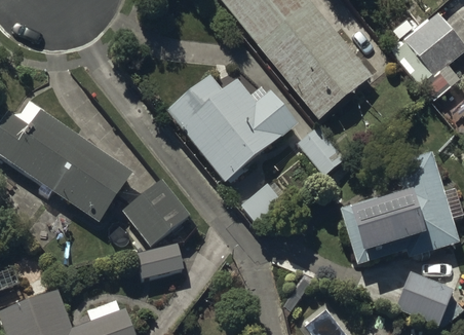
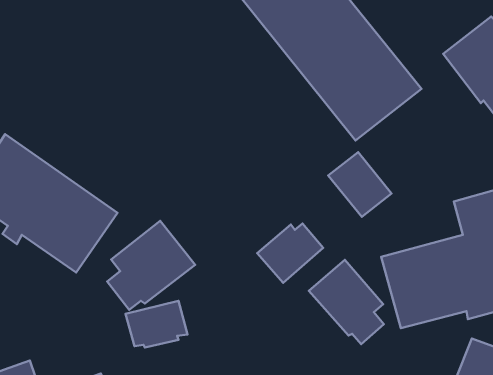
building: [166,75,299,183] -> none
building: none -> [309,260,384,344]

